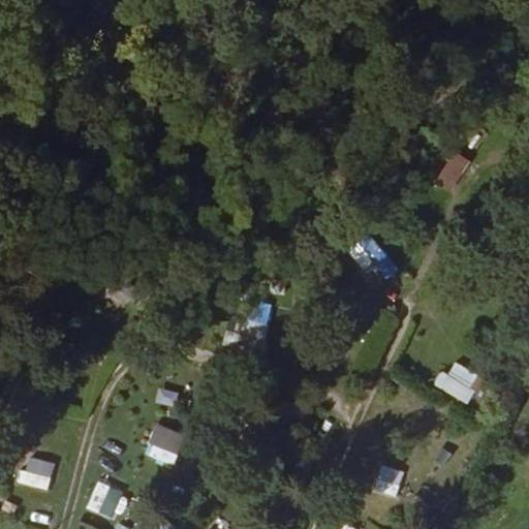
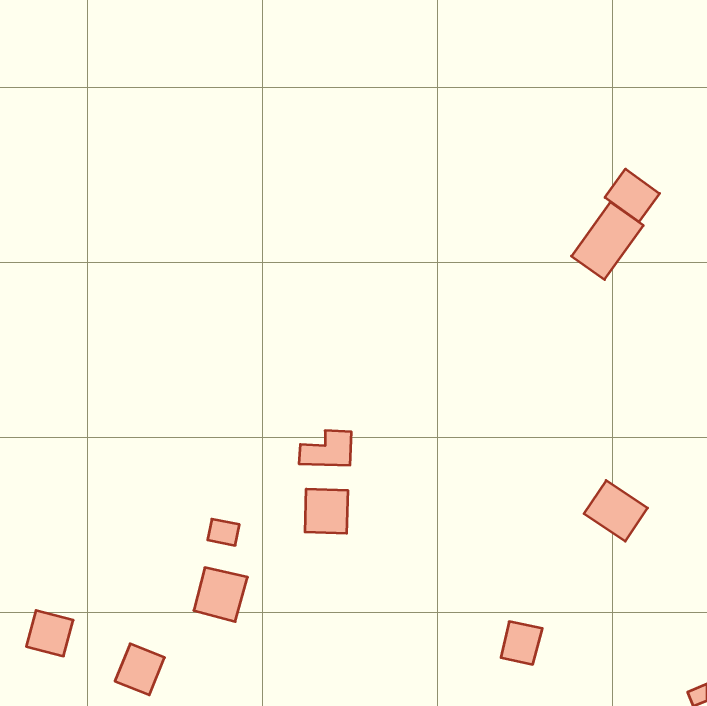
building: none -> [605,169,660,222]
building: none -> [305,489,348,533]

